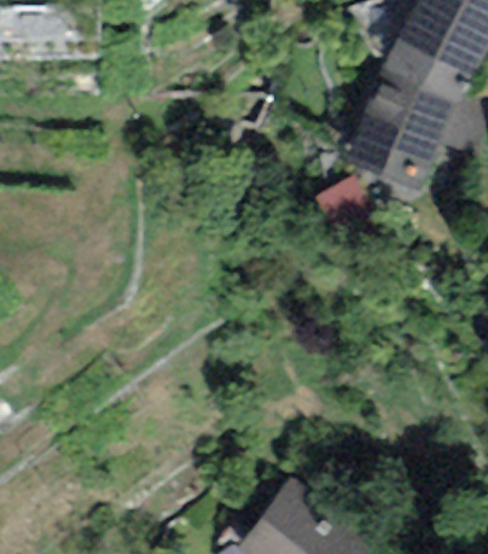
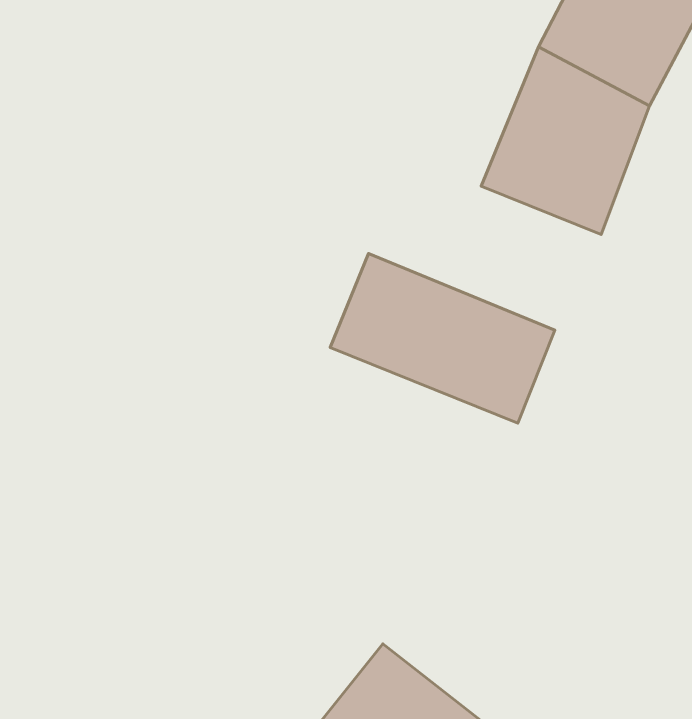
building: none -> [330,254,555,423]

